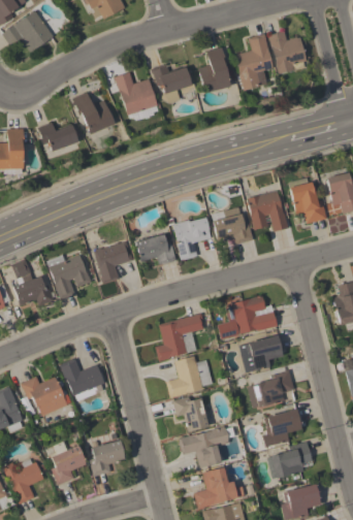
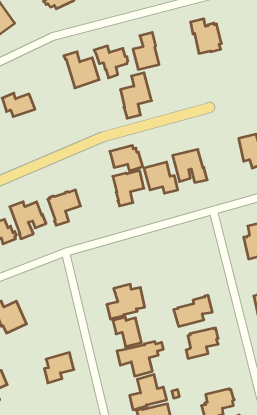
building: [234,34,272,90] -> [120,73,152,118]
building: [71,92,114,134] -> none
building: [288,177,326,224] -> none
building: [135,234,175,265] -> [110,146,143,171]
building: [217,295,277,339] -> none
building: [155,313,203,361] -> none
building: [245,335,283,370] -> none
building: [59,358,104,396] -> none
building: [51,442,86,485] -> none
building: [267,442,313,479] -> none

